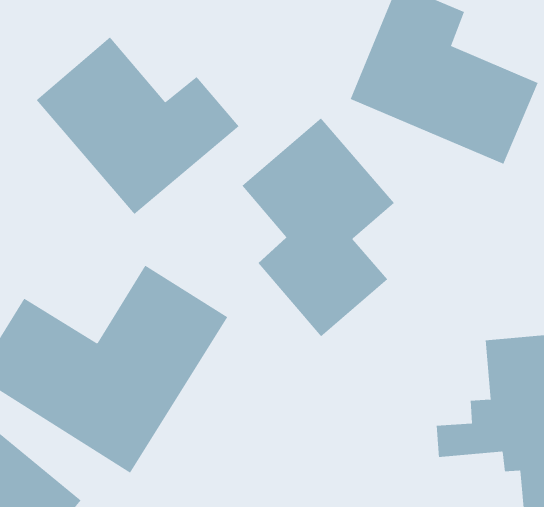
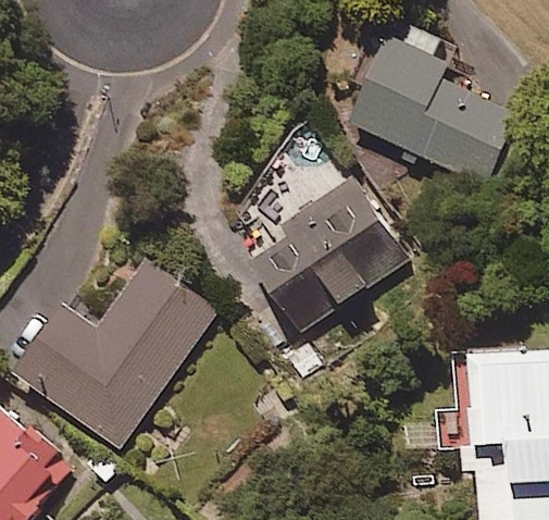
building: [36,37,240,215] -> none

